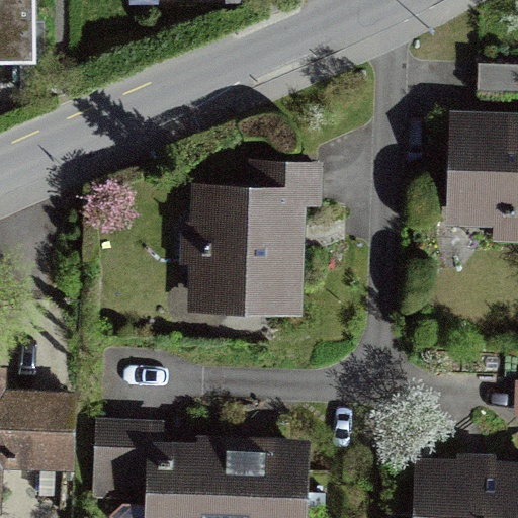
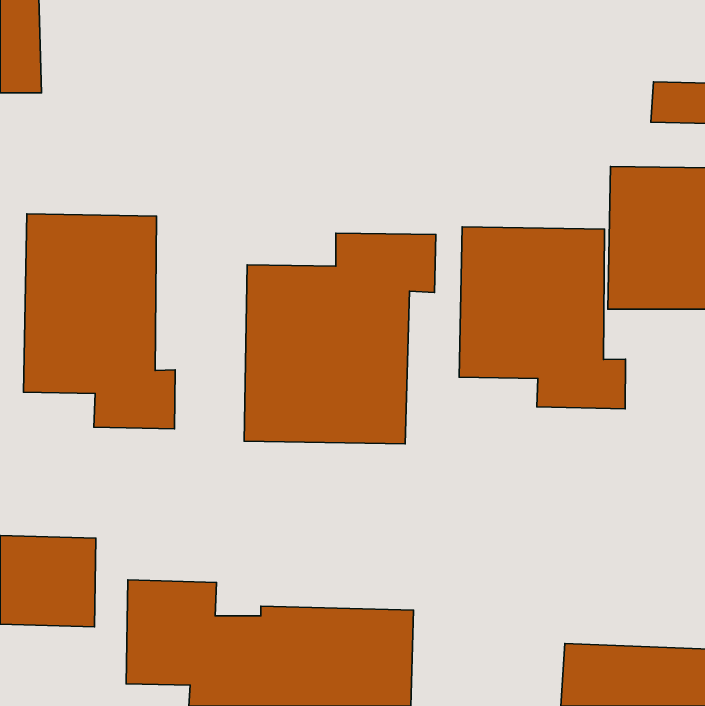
building: none -> [23,214,175,429]
building: none -> [459,227,626,409]

